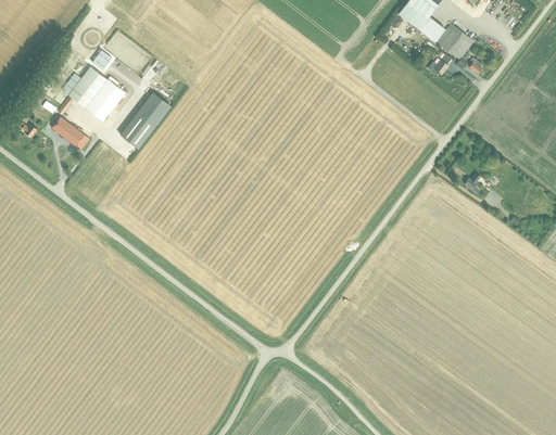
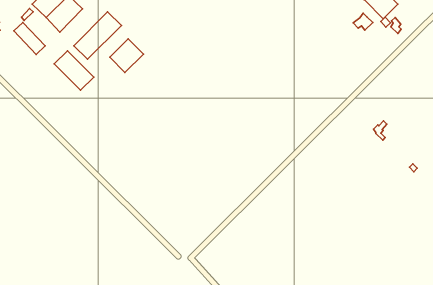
building: none -> [110,39,143,73]
building: none -> [54,51,94,90]

